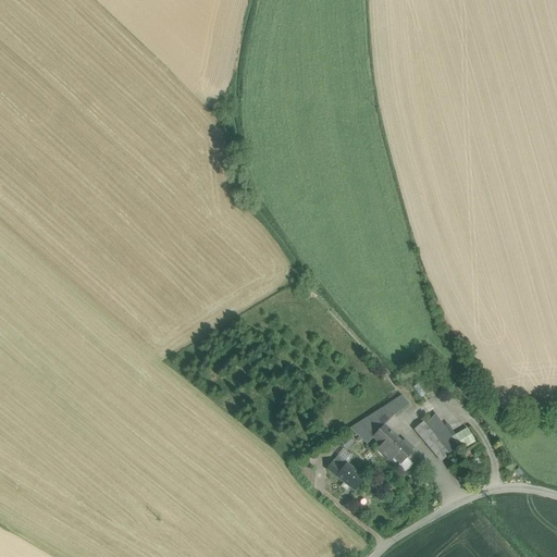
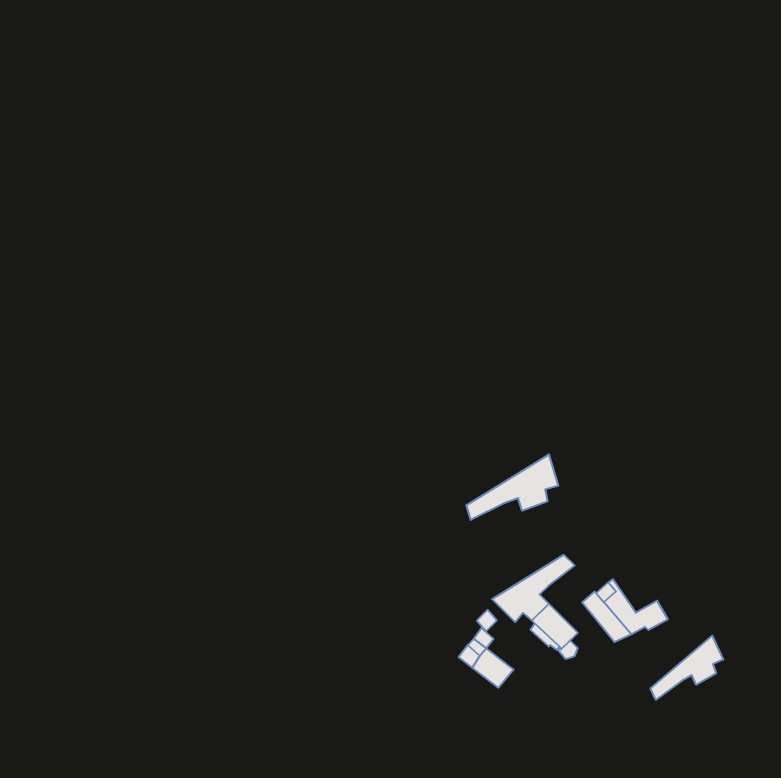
building: none -> [466,454,558,520]
building: none -> [651,636,723,700]

